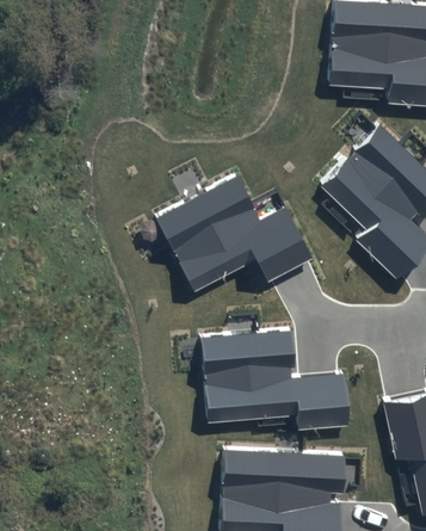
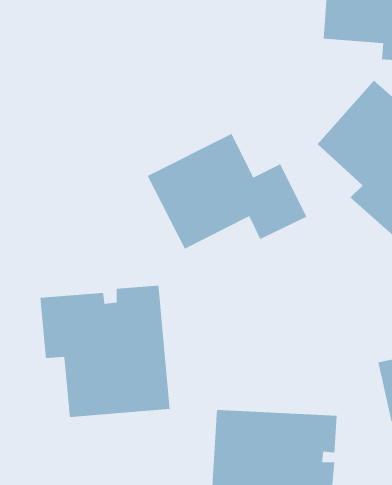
building: none -> [40,285,170,418]
building: [200,329,347,431] -> none

